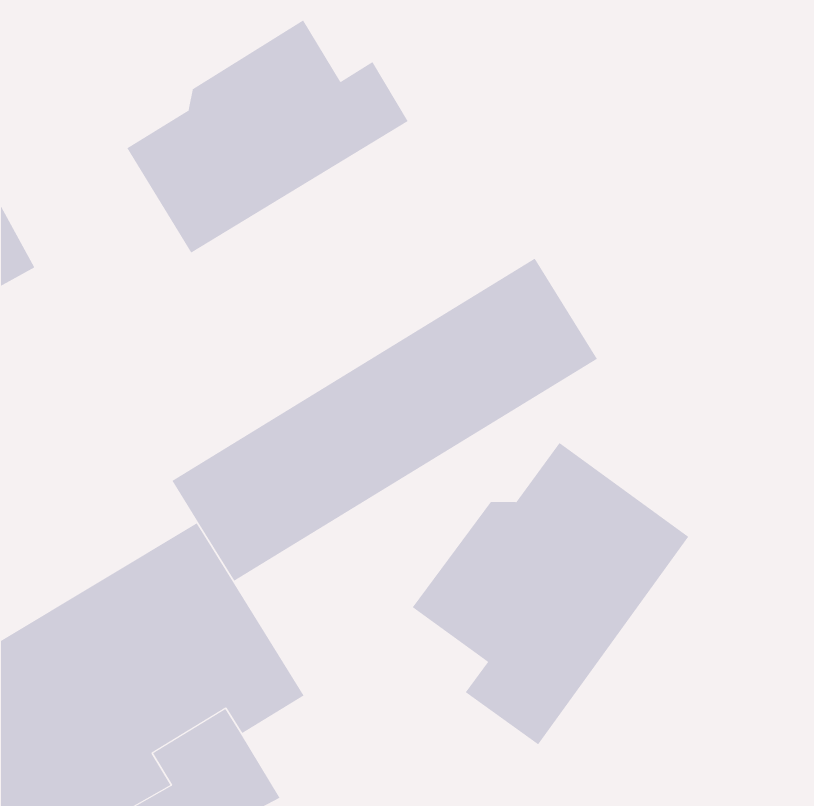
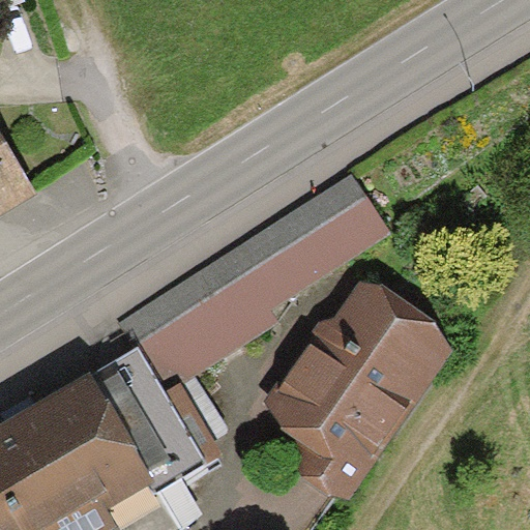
building: [126,20,408,254] -> none

